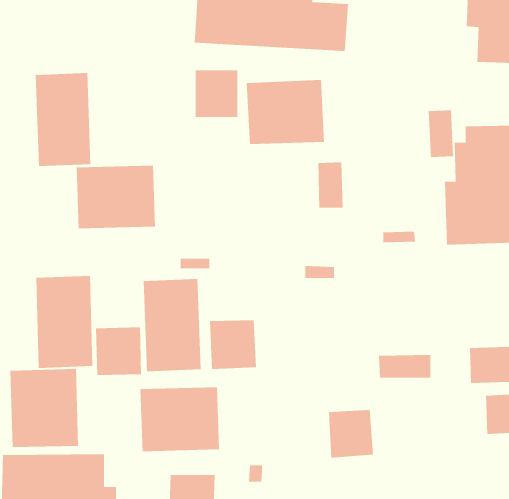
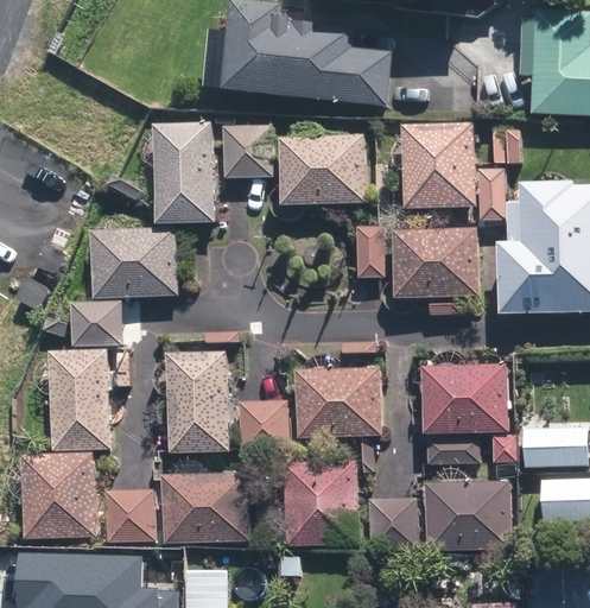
building: none -> [400,124,475,208]
building: [35,73,91,167] -> [152,122,214,226]
building: none -> [391,227,480,298]
building: none -> [74,300,123,347]
building: none -> [420,366,506,431]
building: none -> [294,369,380,437]
building: [95,327,142,376] -> [106,488,157,542]
building: none -> [283,458,360,546]
building: none -> [424,481,512,551]

